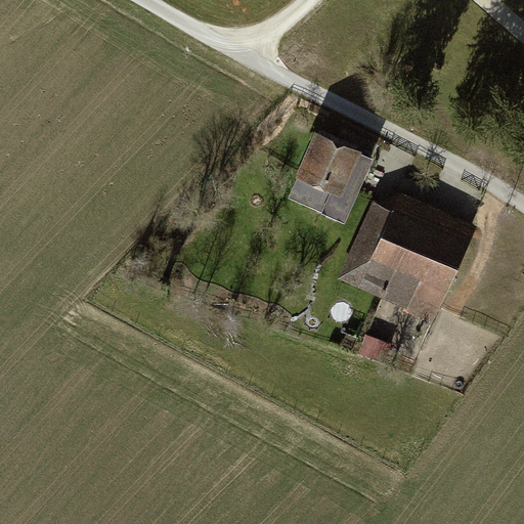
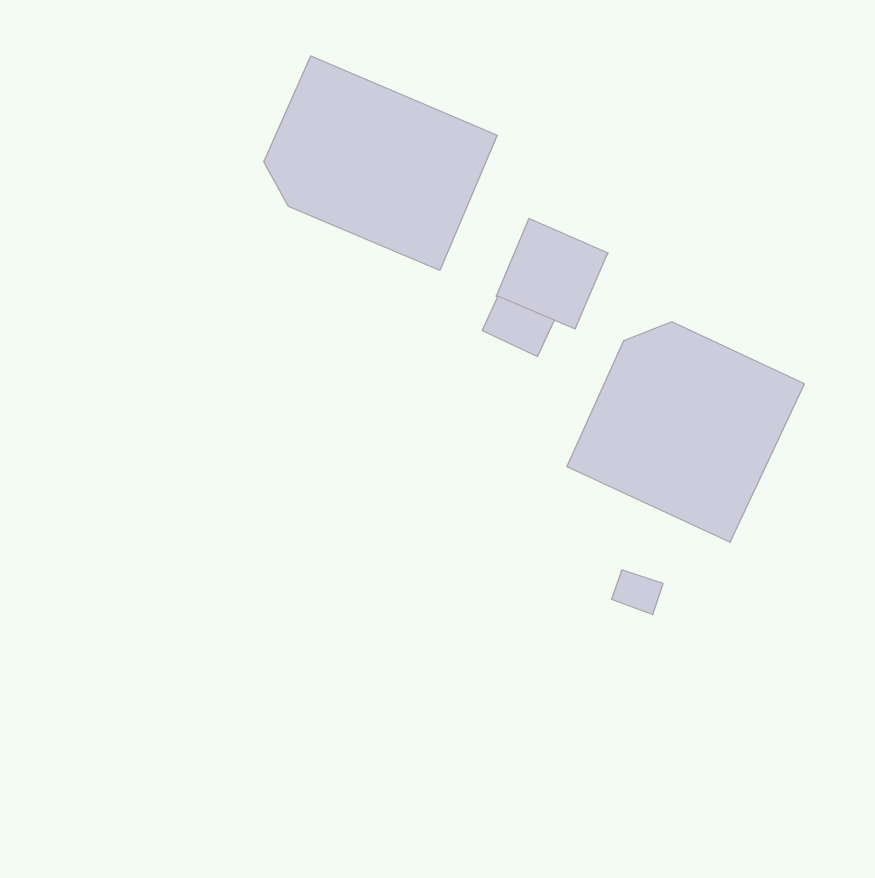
building: none -> [264,56,497,270]
building: [319,154,373,223] -> none

